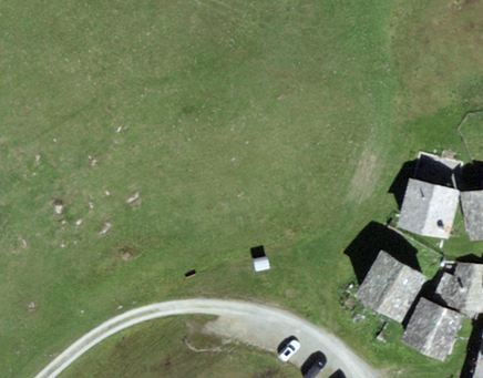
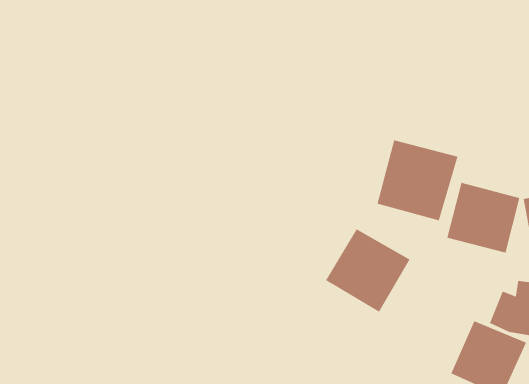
building: none -> [377,139,458,221]
building: [354,251,428,323] -> [325,228,411,313]

